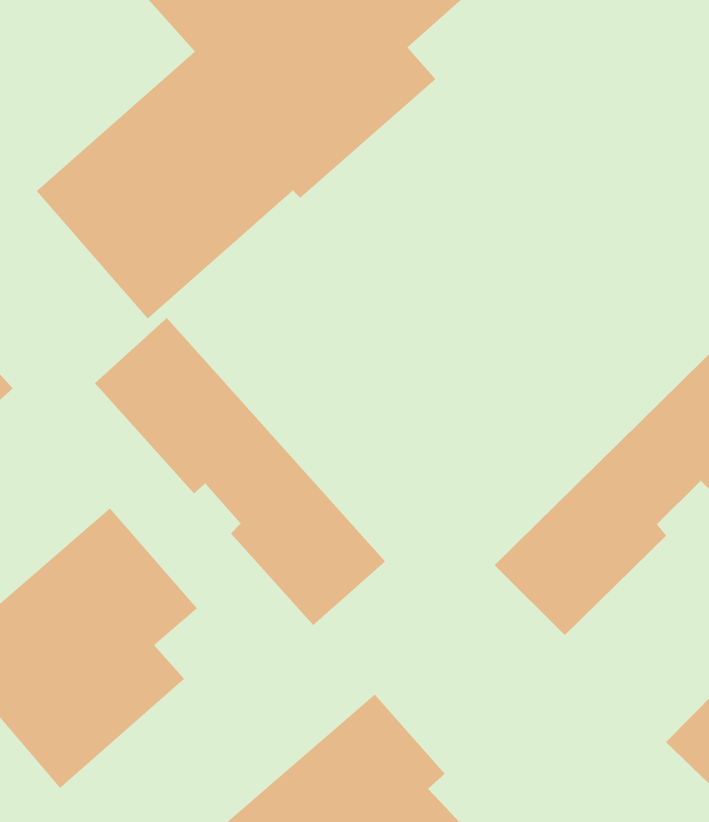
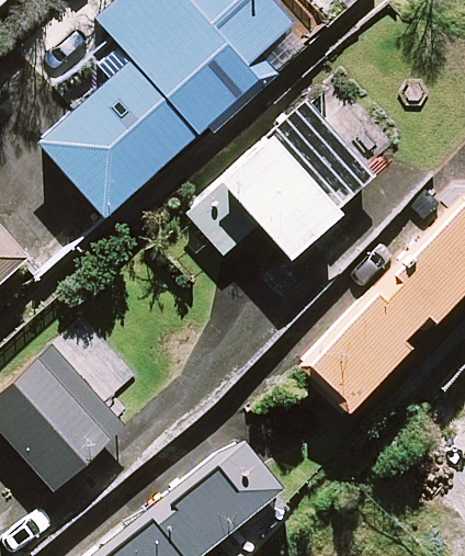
building: none -> [186,107,372,261]
building: [94,317,386,626] -> none

